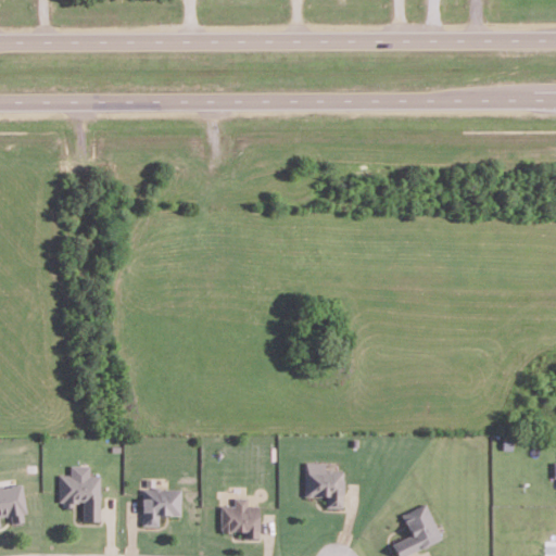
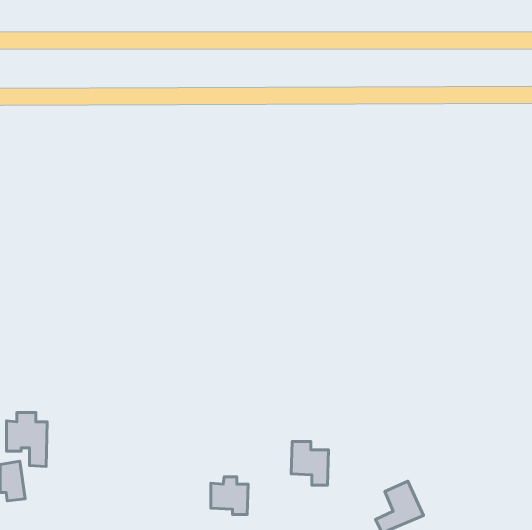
building: [59,466,101,522] -> [6,412,47,467]
building: [141,489,181,527] -> none

